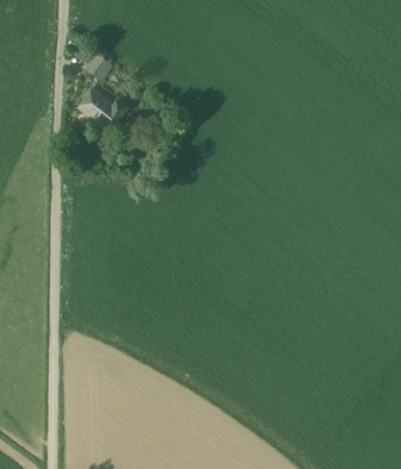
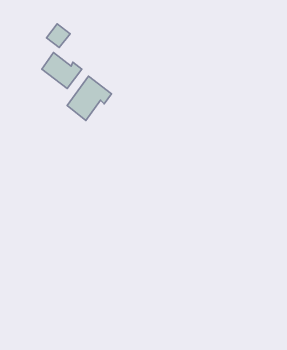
building: none -> [67,76,112,121]

